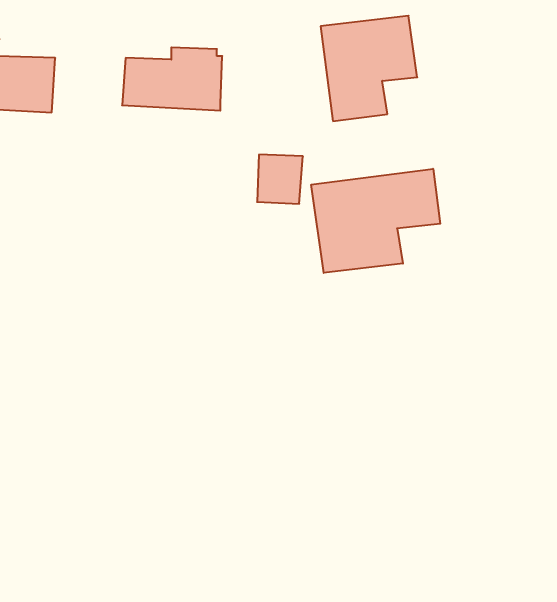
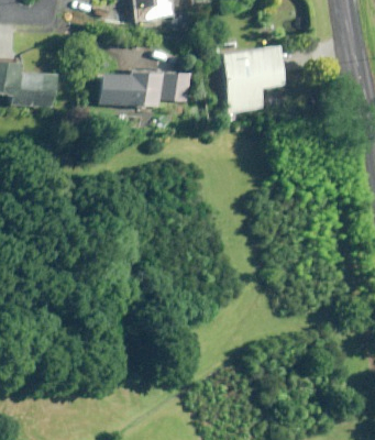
building: [257,155,303,204] -> [162,73,190,103]
building: [311,169,440,273] -> none

